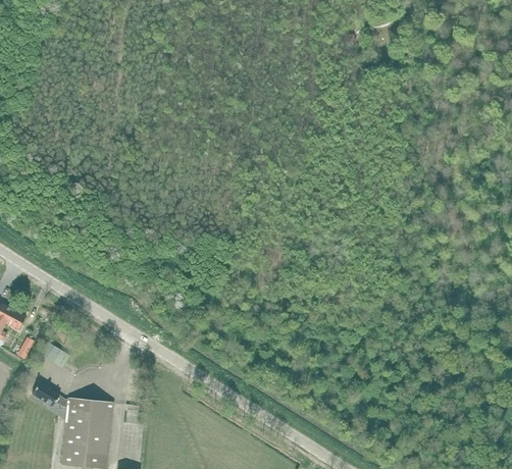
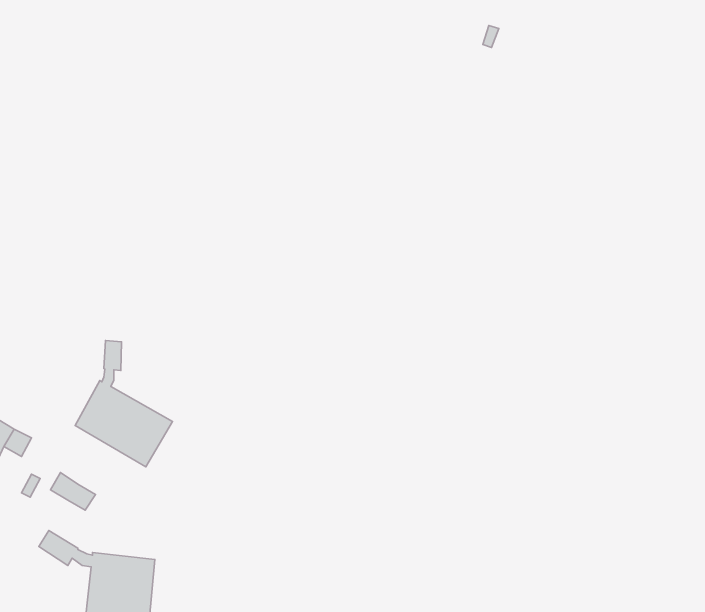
building: none -> [75,341,172,467]

